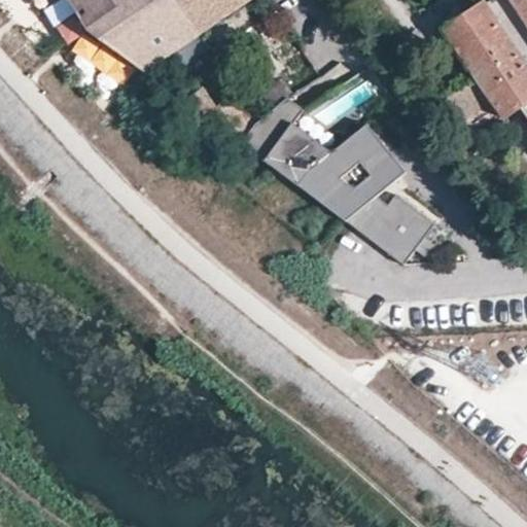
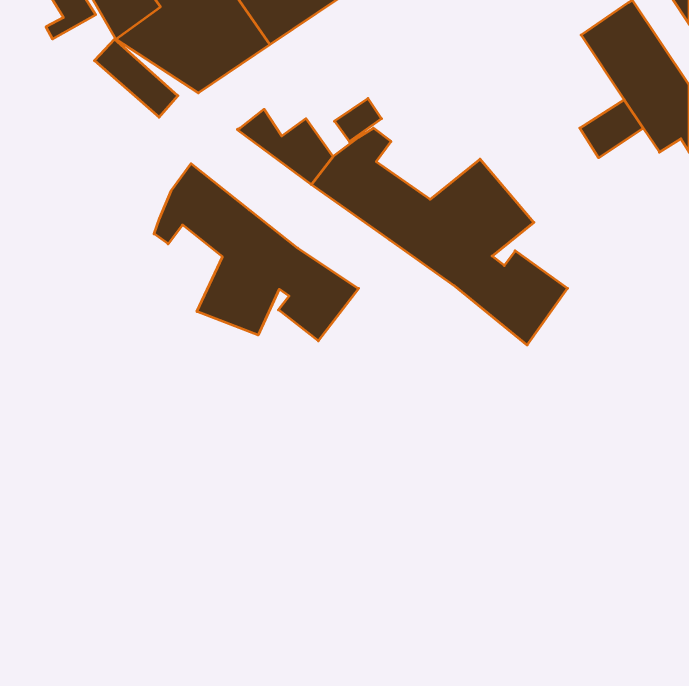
building: none -> [154,164,359,341]

